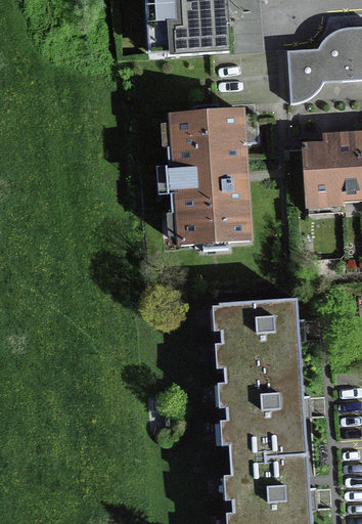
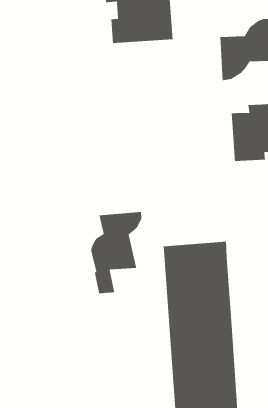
building: [166,104,261,250] -> none
building: none -> [90,211,142,294]

